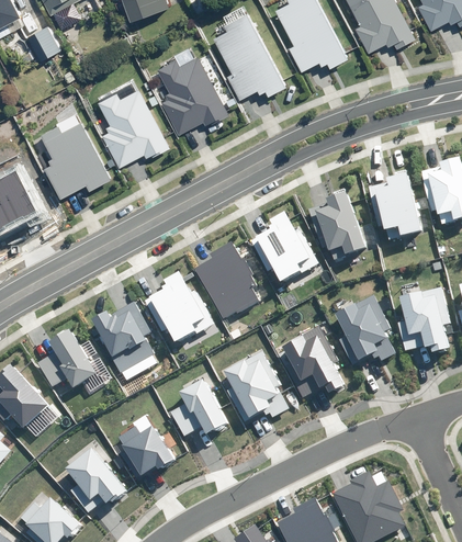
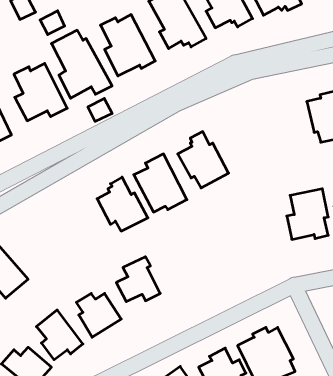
building: none -> [40,11,65,35]
building: none -> [88,98,112,121]
building: [367,174,420,239] -> none
building: [308,191,368,260] -> none
building: [335,293,395,364] -> none
building: [92,302,157,379] -> none
building: [37,329,97,387] -> none
building: [283,329,347,400] -> none
building: [226,349,289,421] -> none

